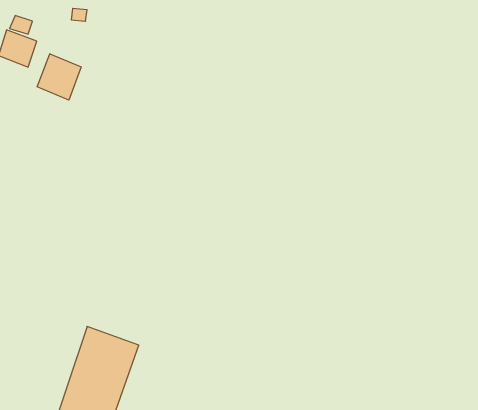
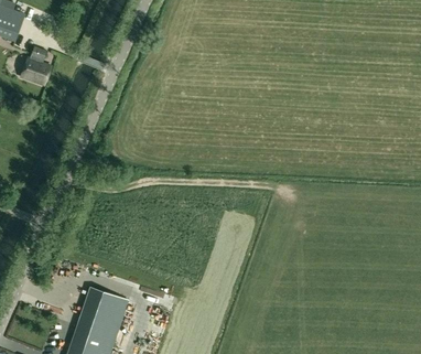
building: [37,54,81,100] -> none

